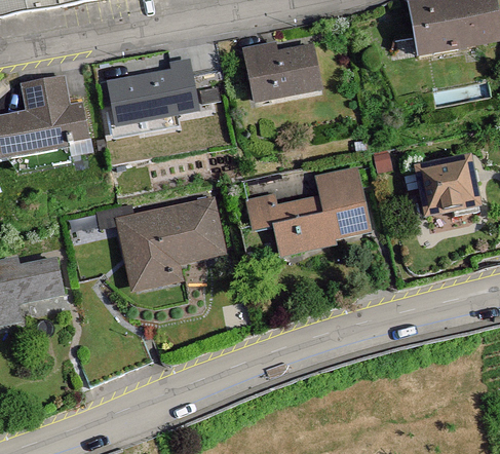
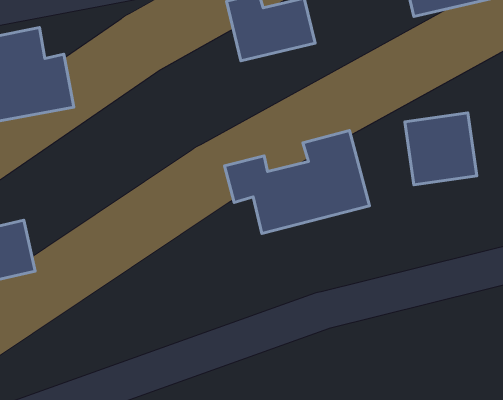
building: [113,65,199,124] -> none
building: [112,192,225,295] -> none

